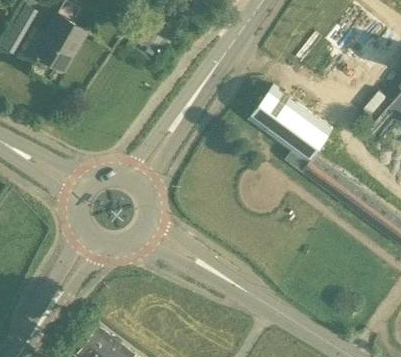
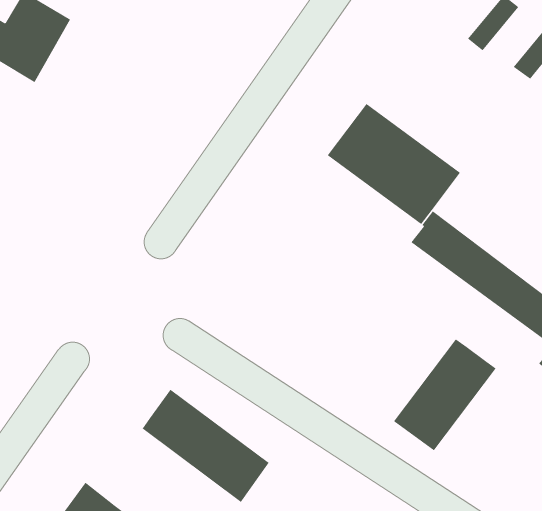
building: none -> [393,339,497,451]
building: none -> [142,389,270,503]

